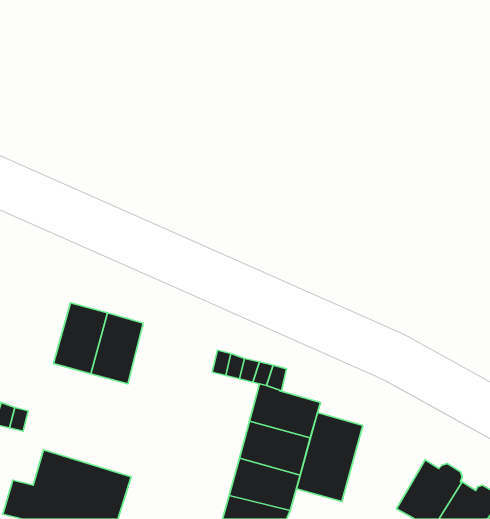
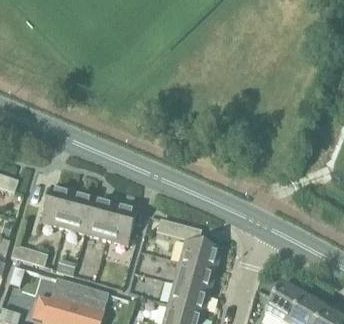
building: none -> [41,185,72,227]
building: none -> [106,203,137,245]
building: [296,413,363,502] -> none

